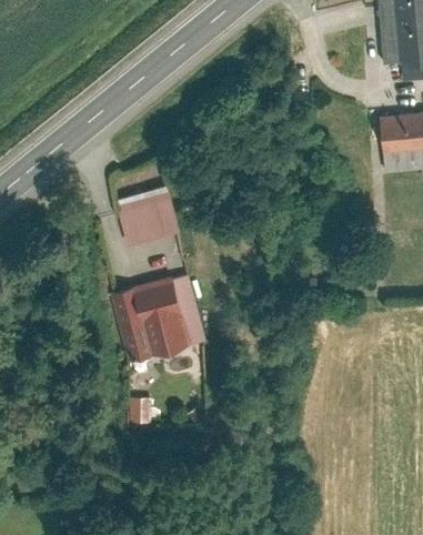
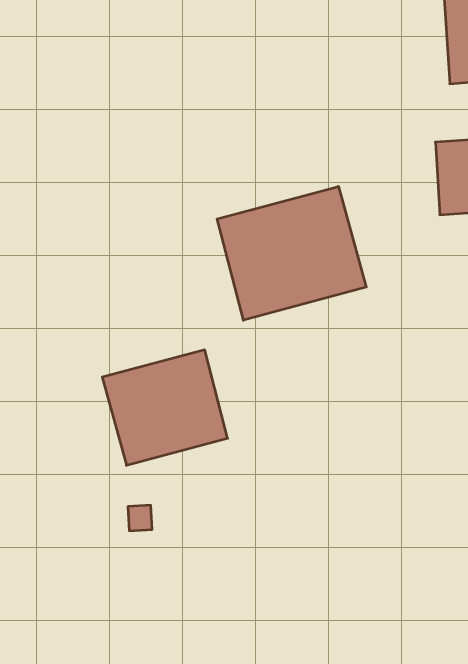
building: none -> [217,186,366,320]
building: [115,188,181,250] -> none

